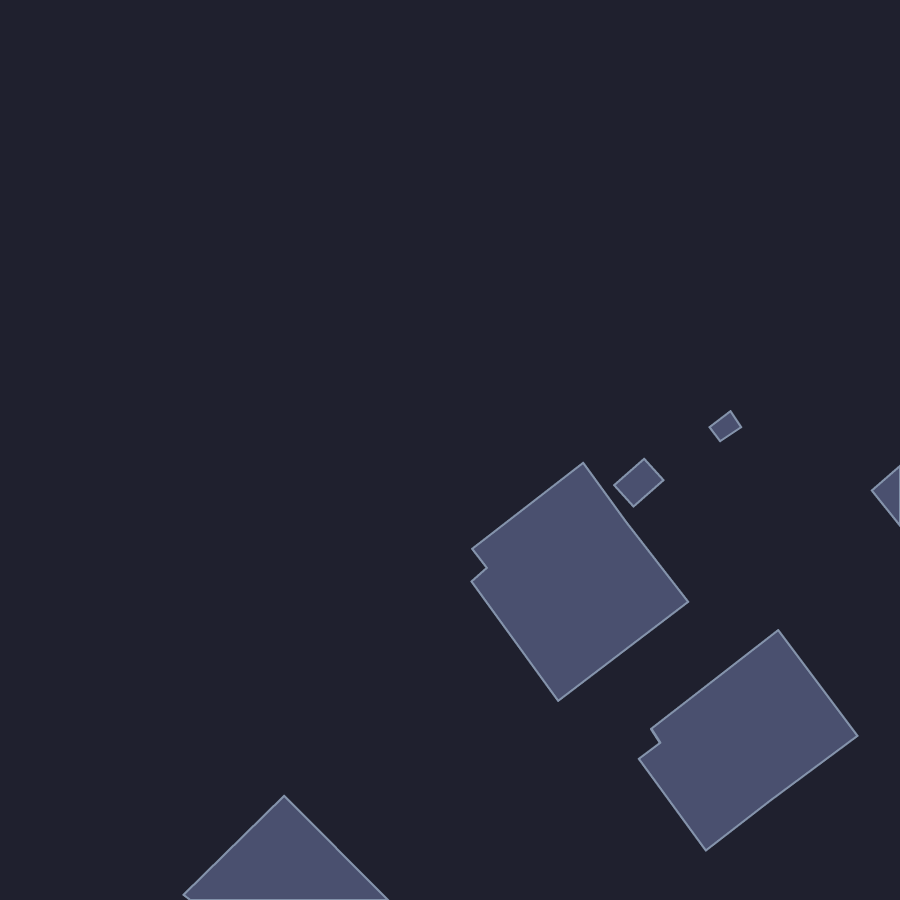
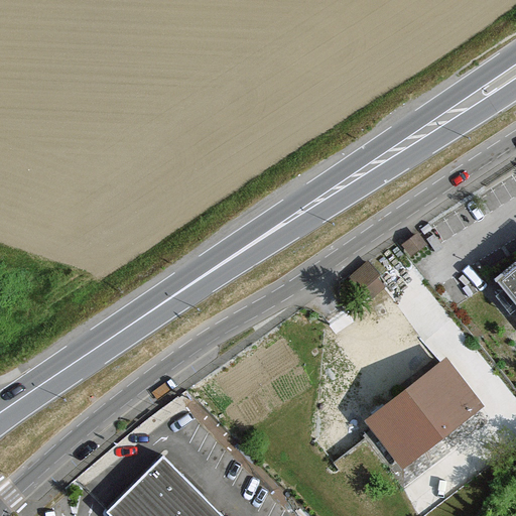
building: [471,463,688,701] -> none

